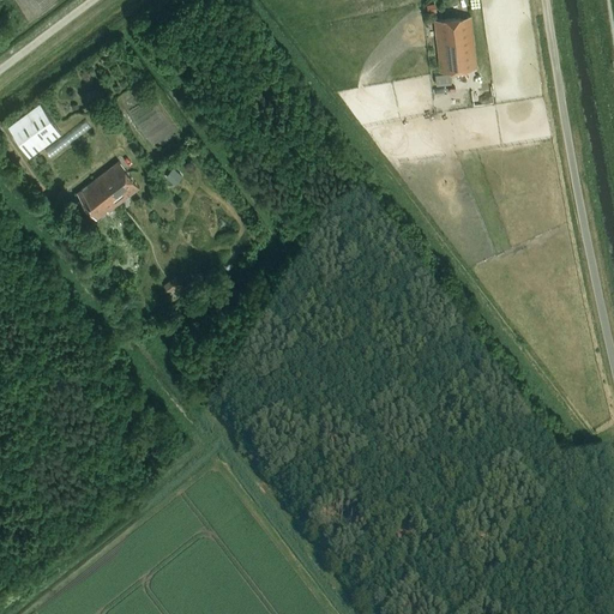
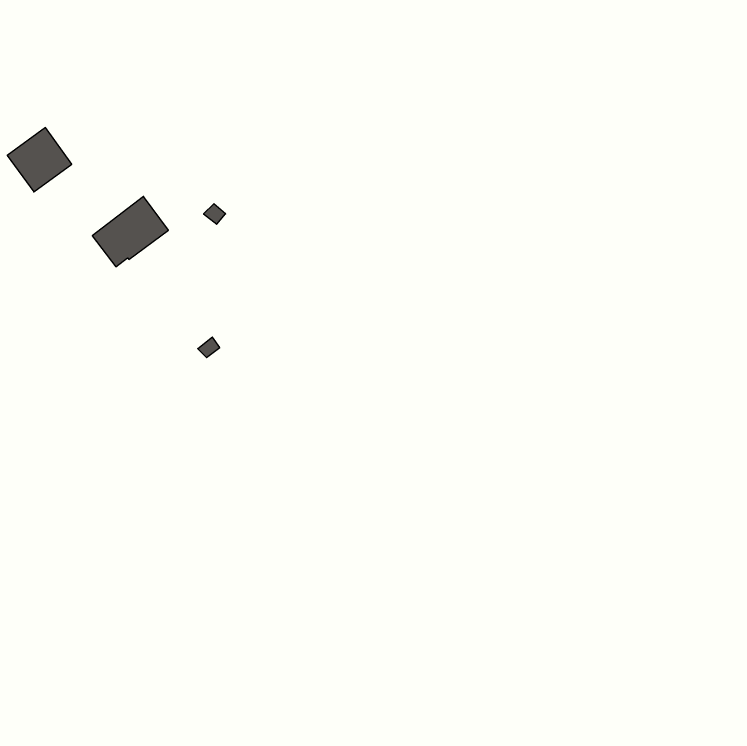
building: [433,18,475,74] -> none

